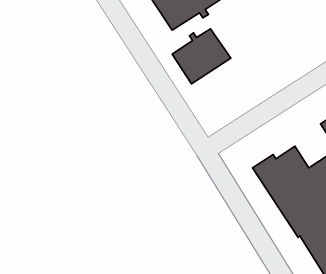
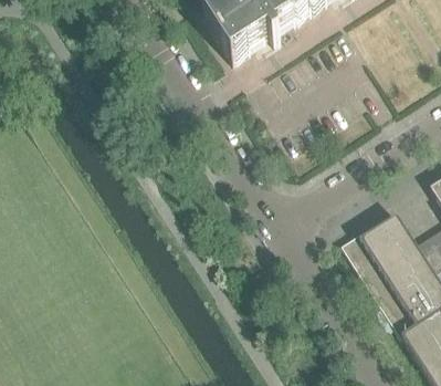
building: [172,29,231,84] -> none

